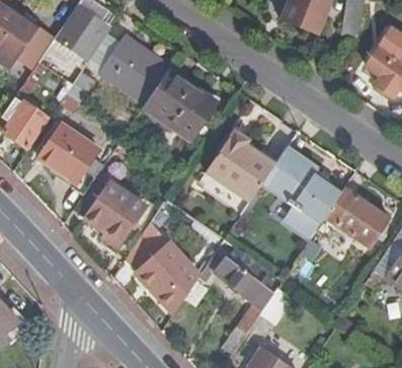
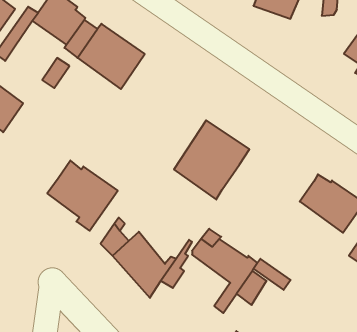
building: [143,68,218,139] -> none
building: [39,125,101,194] -> none
building: [264,147,339,239] -> none

